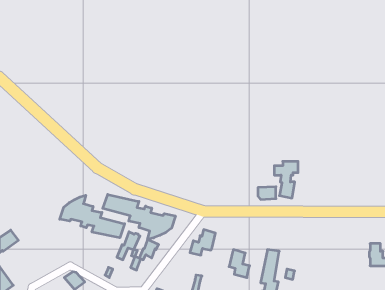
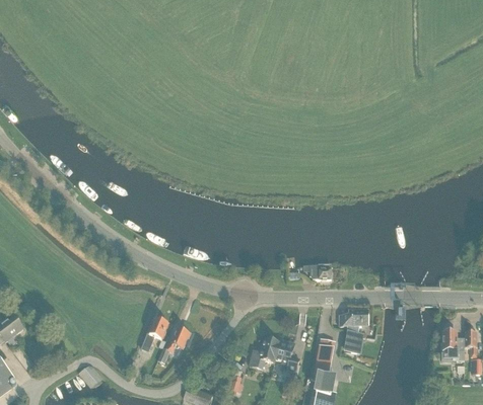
building: [274,161,298,198] -> [339,310,367,353]
building: [103,194,175,239] -> none
building: [60,195,125,238] -> none
building: [190,230,215,255] -> [249,338,279,369]

